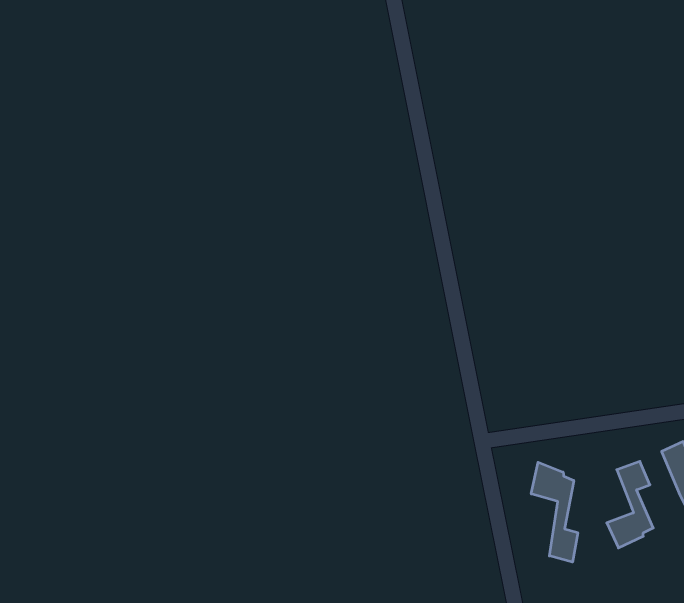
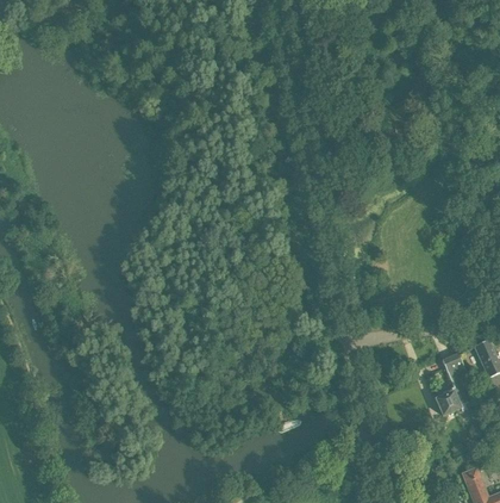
building: [531,462,578,562] -> none

